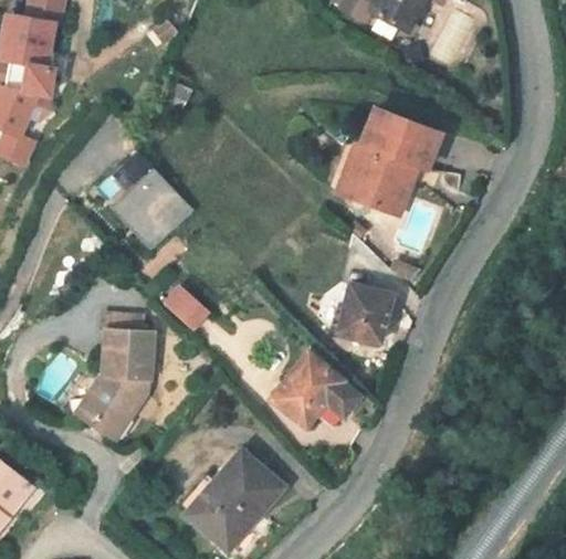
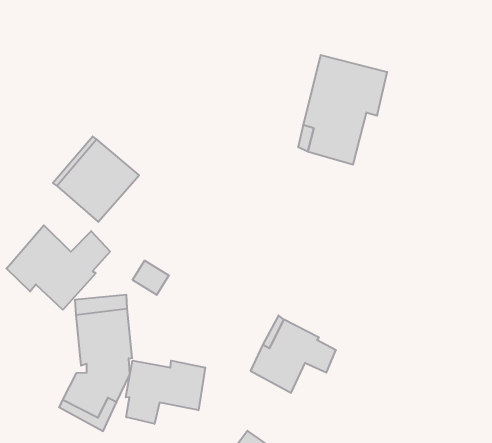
building: none -> [6,225,110,310]
building: [331,284,384,344] -> none
building: none -> [126,361,205,424]

